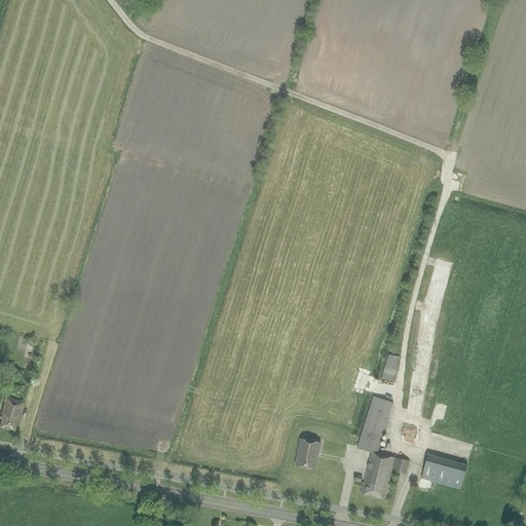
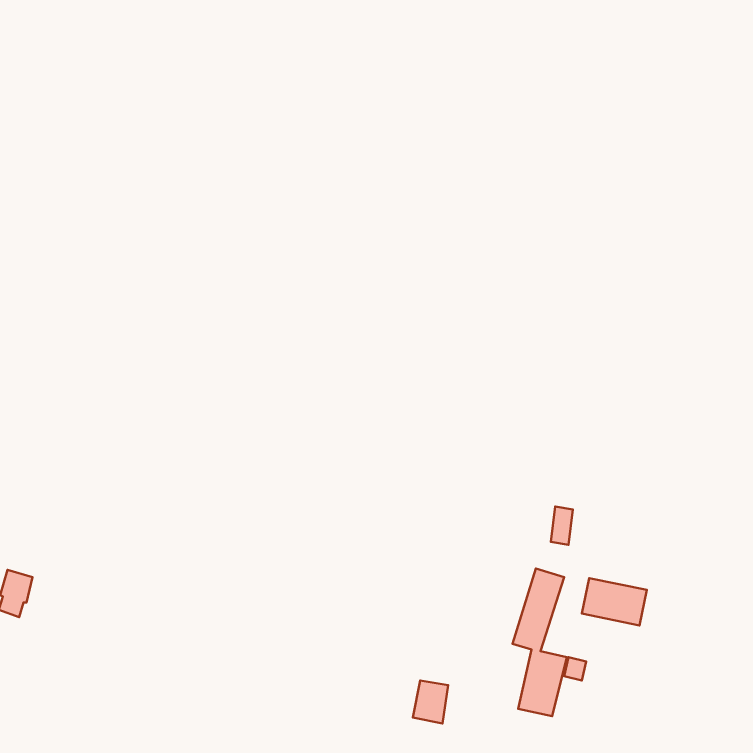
building: [295,439,320,468] -> [413,681,448,723]
building: [420,453,465,486] -> [582,578,647,625]

